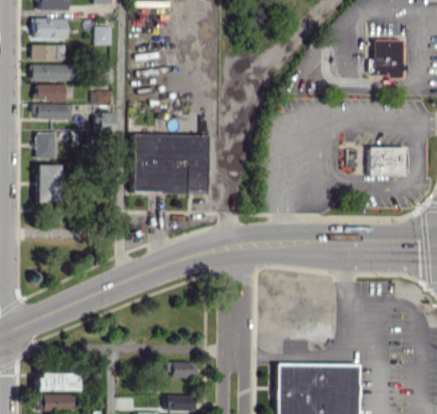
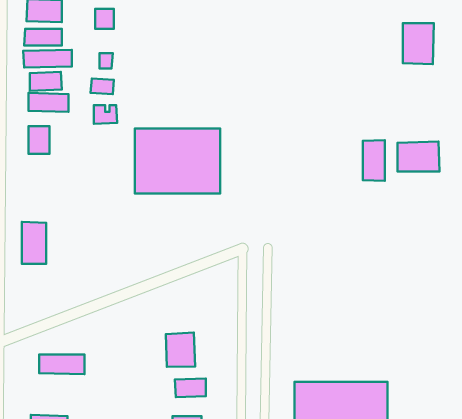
building: none -> [363,140,385,181]
building: [37,164,59,202] -> [22,222,46,264]
building: none -> [166,333,195,367]
building: [37,373,78,391] -> [39,354,84,374]

